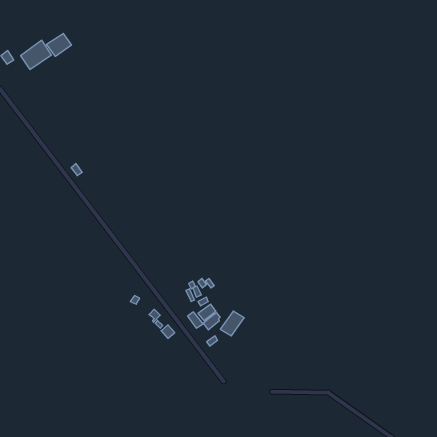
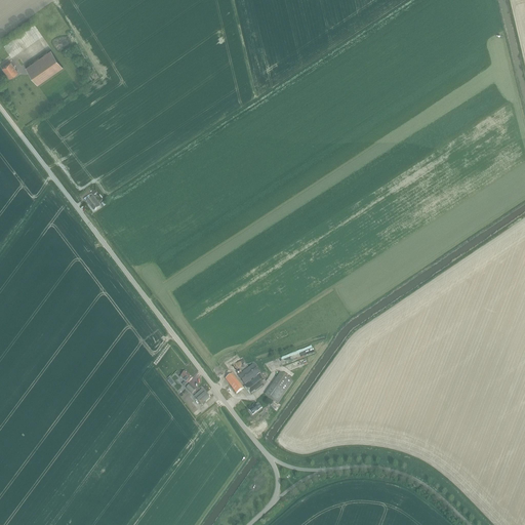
building: [47,33,71,56] -> none

